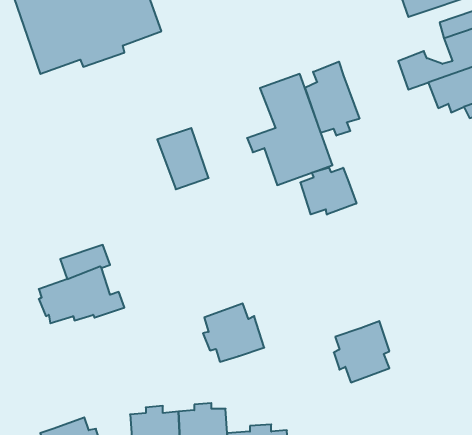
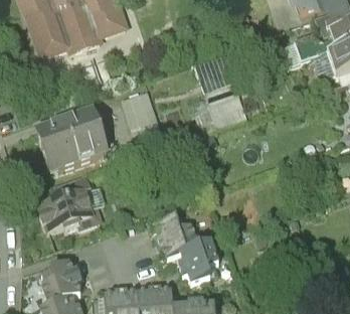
building: [305,62,359,136] -> none
building: none -> [38,112,107,170]
building: [300,168,356,215] -> none
building: [334,321,389,382] -> [178,242,217,285]
building: none -> [40,261,80,304]

